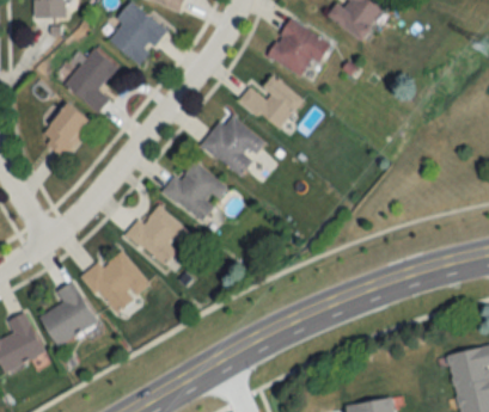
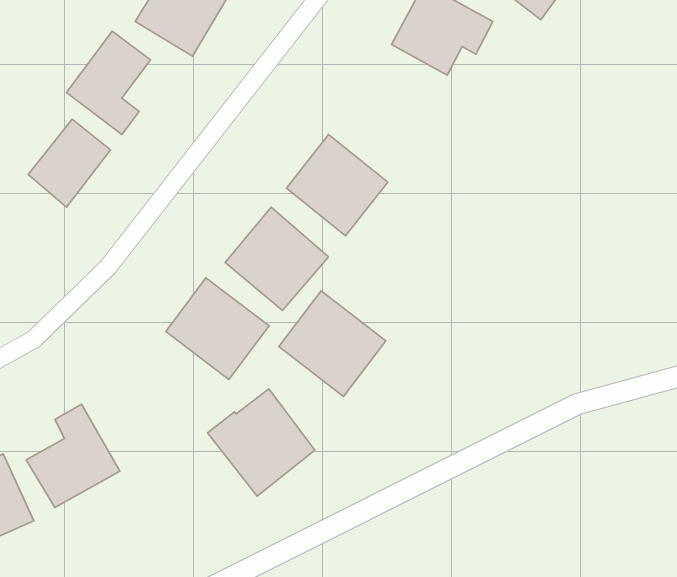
building: [238,75,304,133] -> none
building: none -> [279,291,386,396]
building: [82,247,149,314] -> [208,389,315,496]

